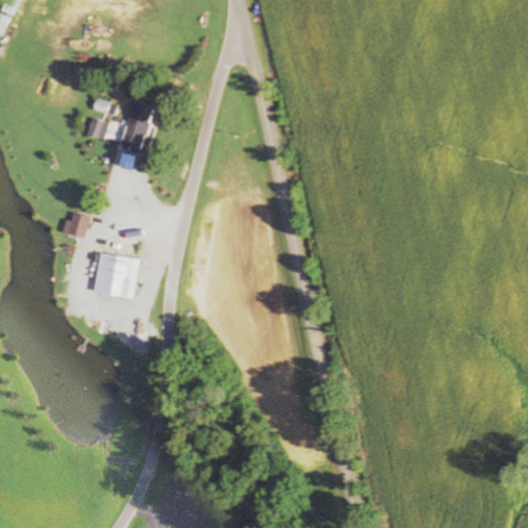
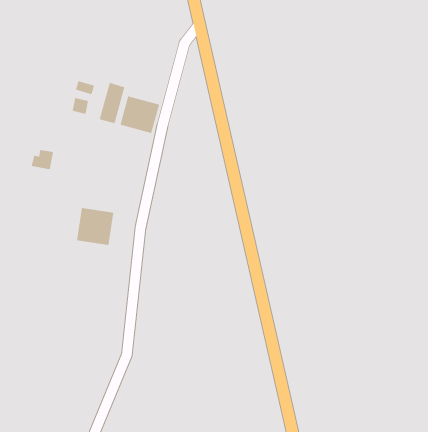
building: none -> [120,95,160,134]
building: [61,212,89,237] -> [31,149,54,170]

